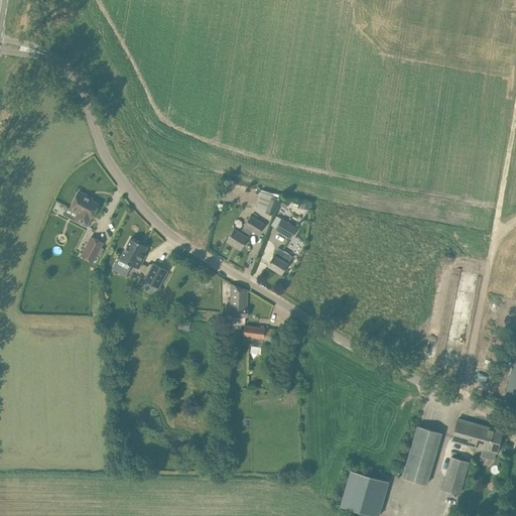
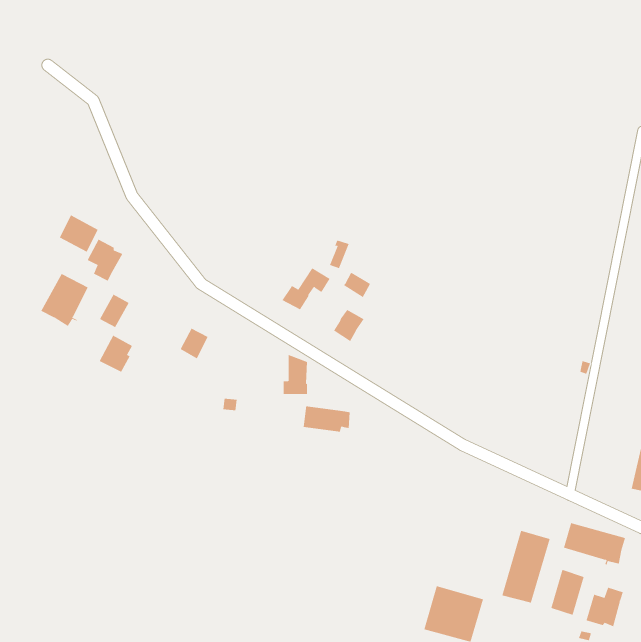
building: none -> [59,215,99,253]
building: none -> [41,273,88,327]
building: [121,238,148,268] -> [99,335,133,372]
building: none -> [586,587,623,627]

